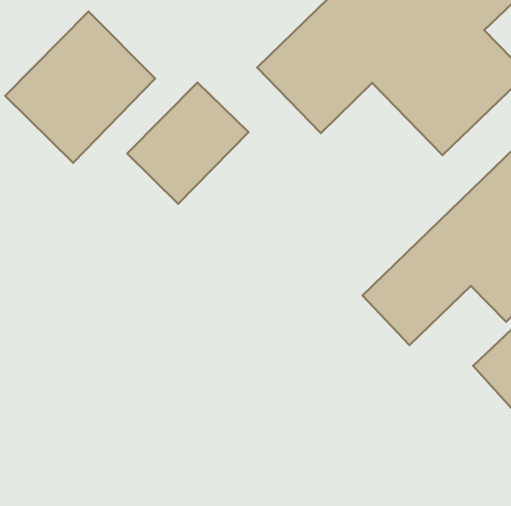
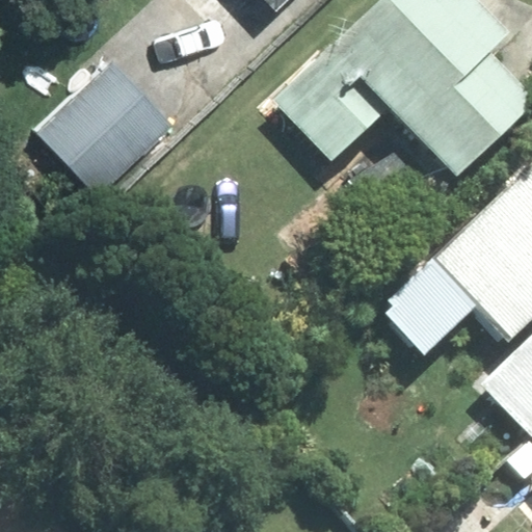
building: [127,83,249,204] -> none

